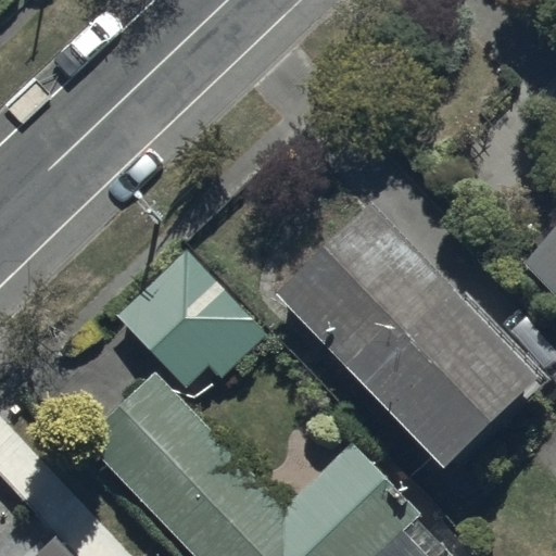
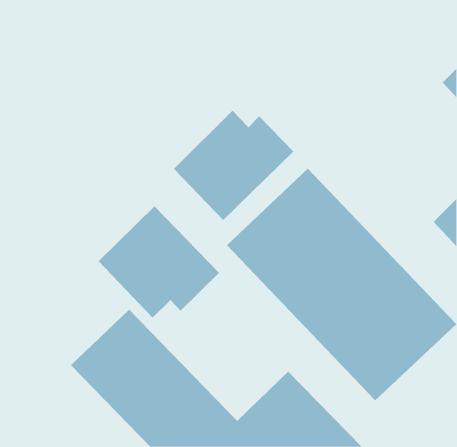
building: none -> [173,110,294,221]

